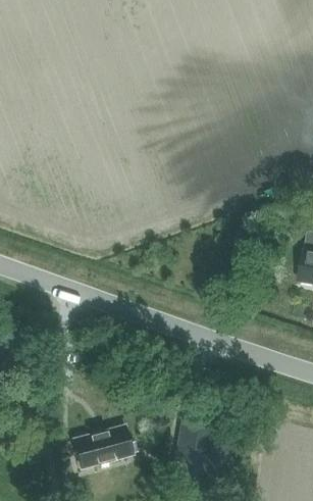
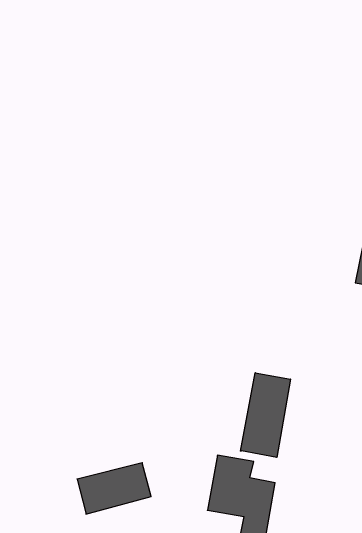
building: none -> [240,373,290,457]

